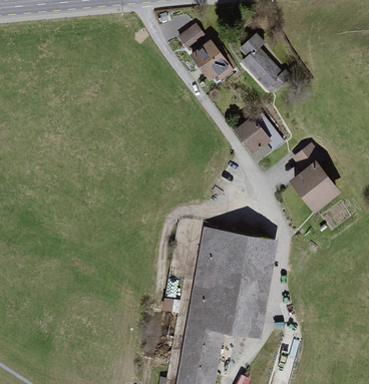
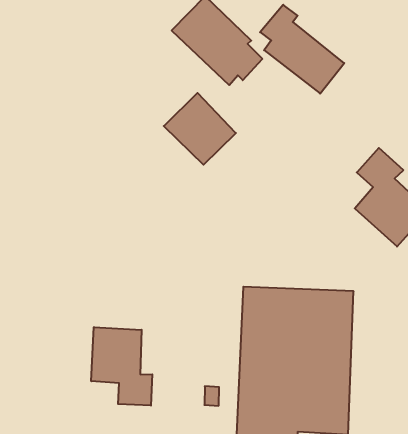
building: [234,111,284,162] -> [164,93,236,165]
building: none -> [91,327,152,406]

